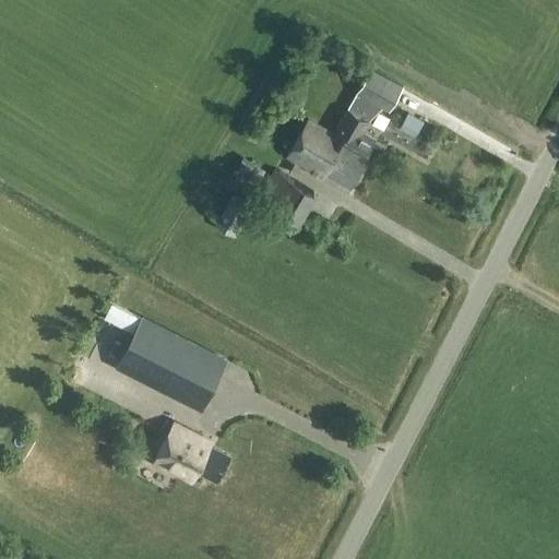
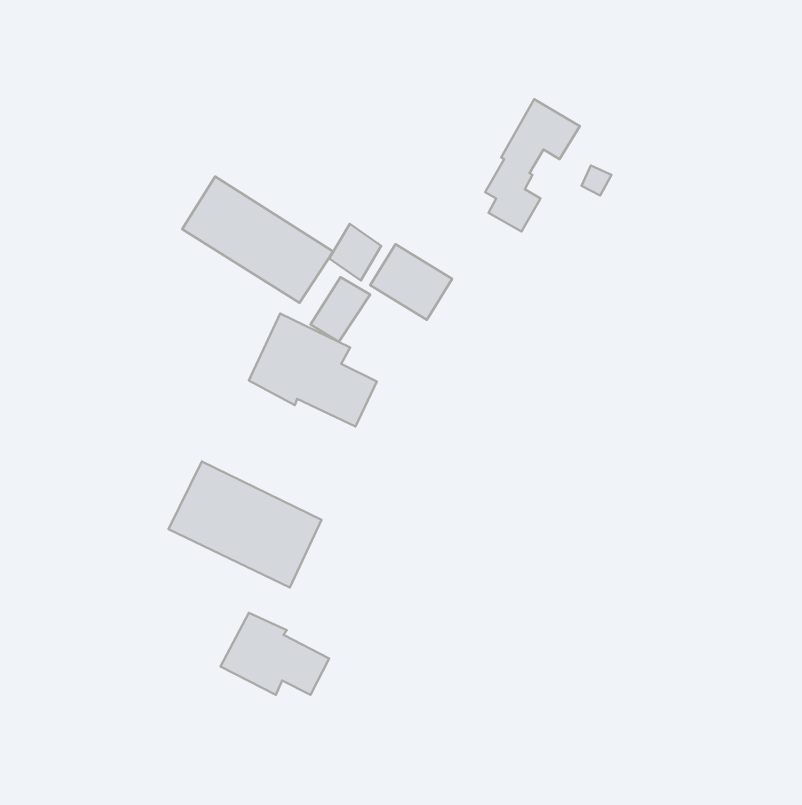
building: [288,120,364,187] -> none
building: none -> [182,177,333,303]
building: none -> [249,314,377,427]

